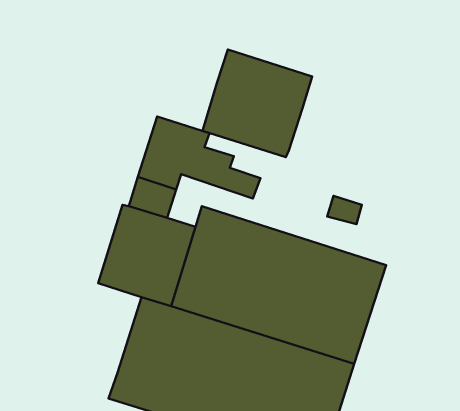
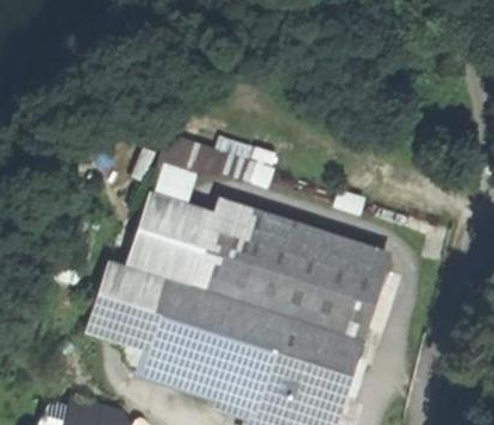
building: [203,50,312,157] -> none
building: none -> [85,263,165,352]

